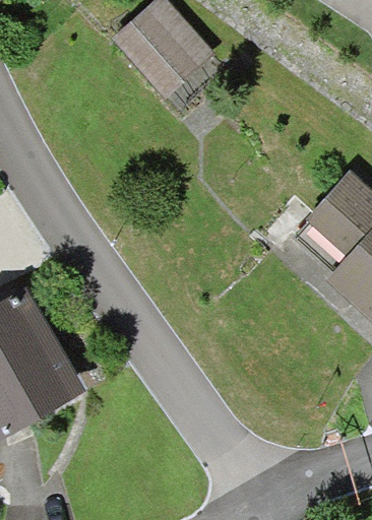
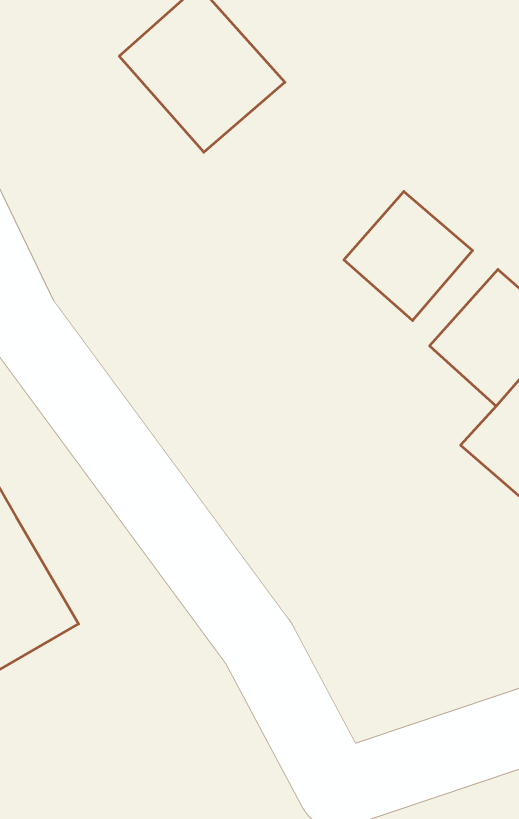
building: none -> [344,191,473,321]

